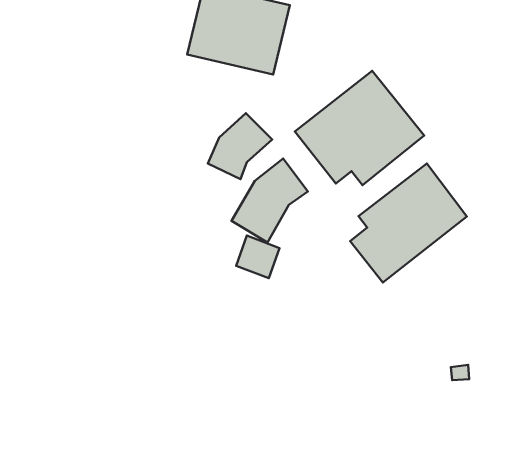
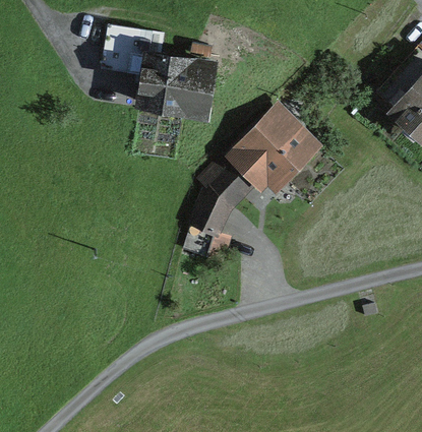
building: [208,113,272,179] -> none
building: [350,164,467,283] -> none

